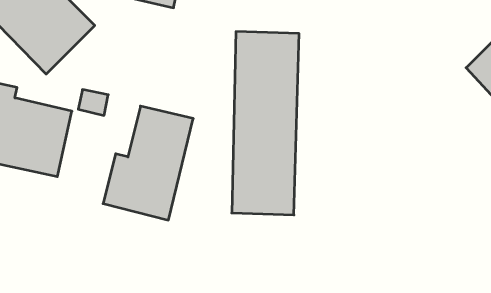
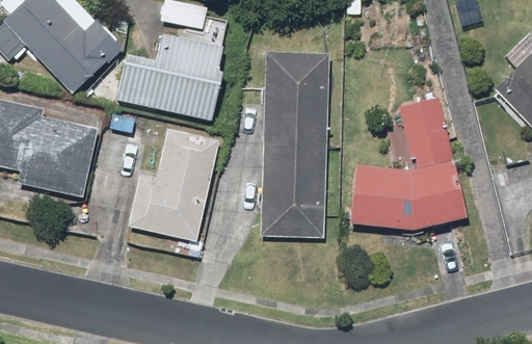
building: none -> [115,34,222,121]
building: none -> [347,98,468,230]

